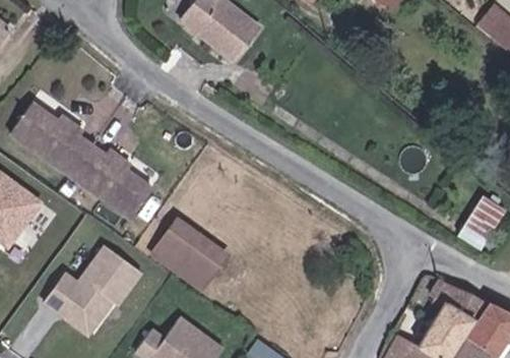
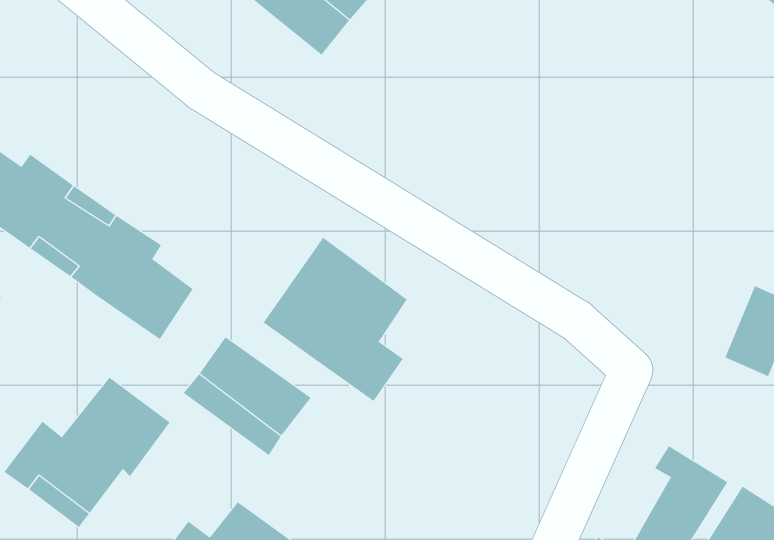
building: none -> [263,237,408,402]

